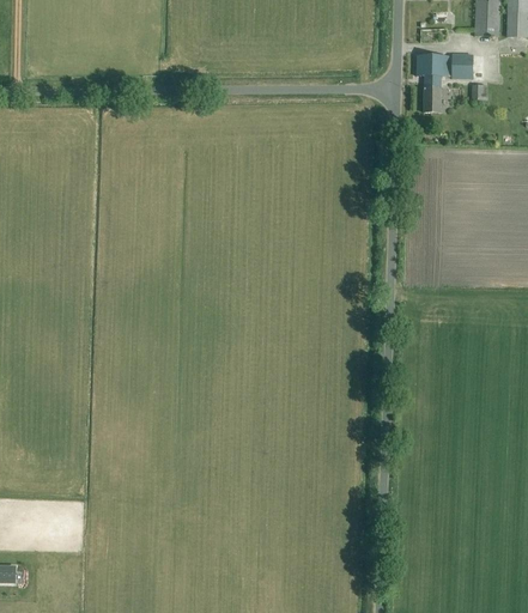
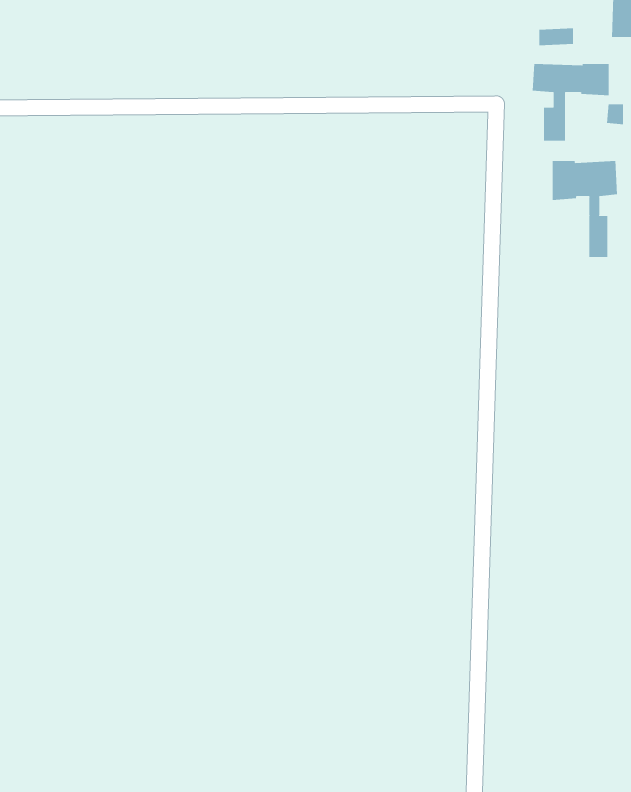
building: none -> [552,160,617,258]

